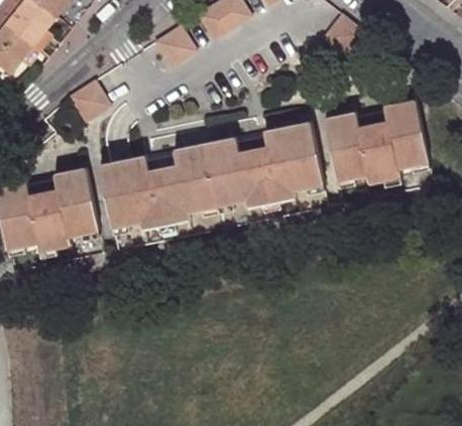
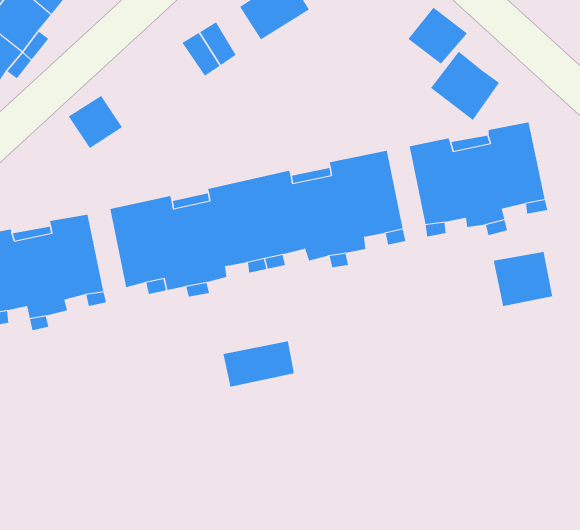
building: none -> [430,51,500,121]
building: none -> [493,251,553,307]
building: none -> [223,341,295,387]

